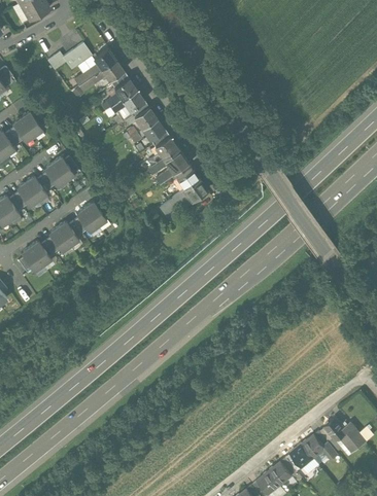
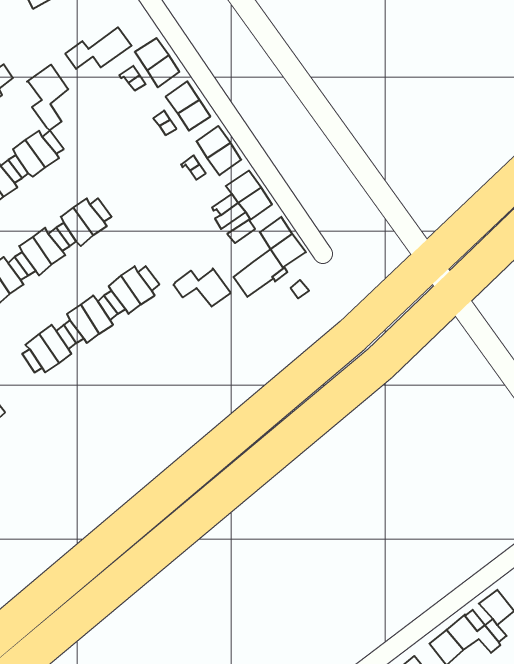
building: none -> [27,65,68,130]
building: none -> [173,268,231,307]

